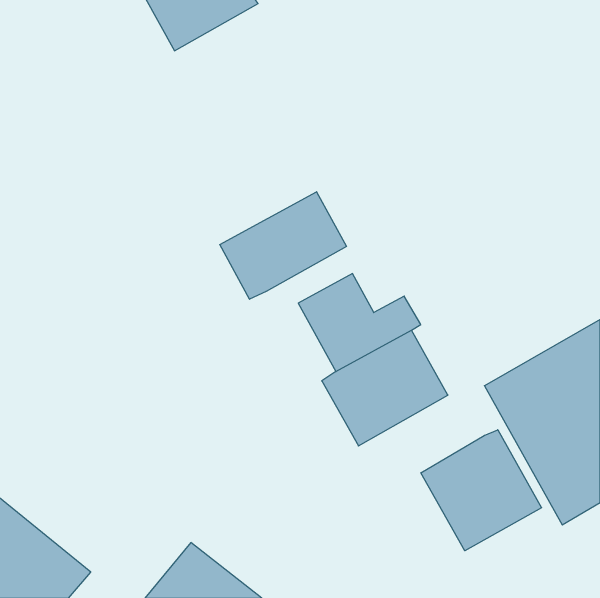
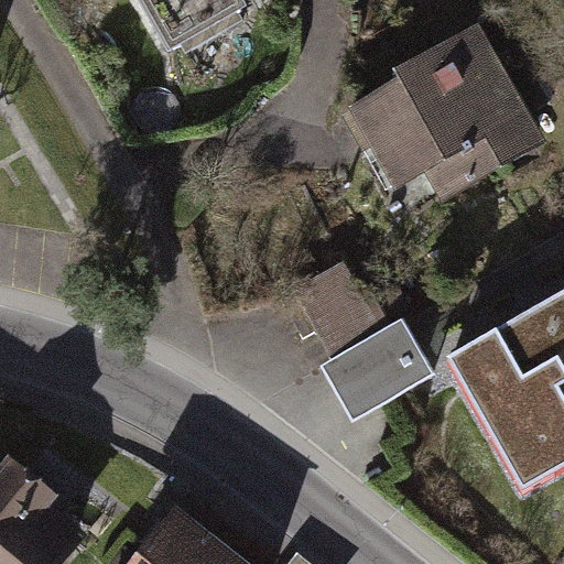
building: none -> [347,25,550,195]
building: [220,192,346,299] -> none
building: [421,430,542,551] -> none

